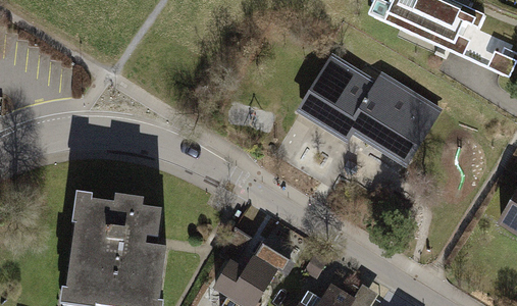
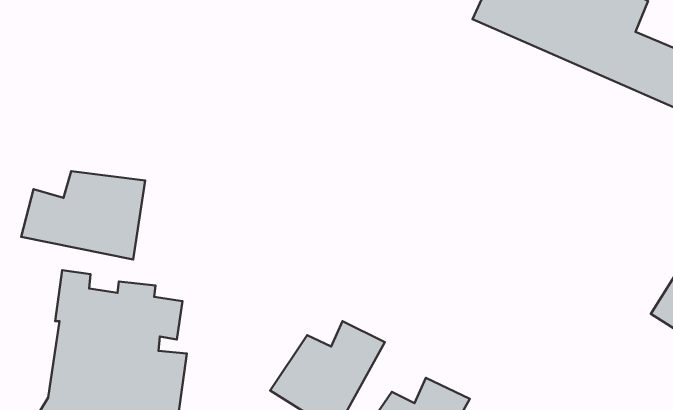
building: [303,54,442,159] -> none
building: none -> [21,171,145,260]

